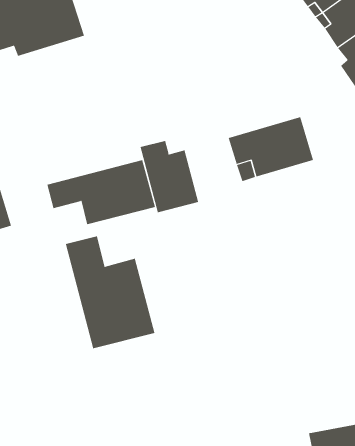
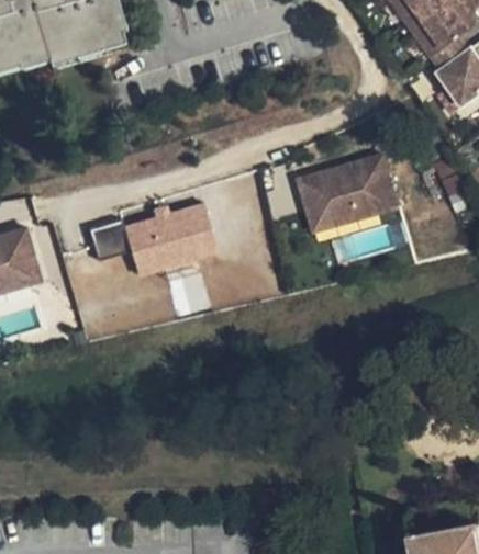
building: [140,140,199,213] -> none
building: [65,236,155,349] -> none

